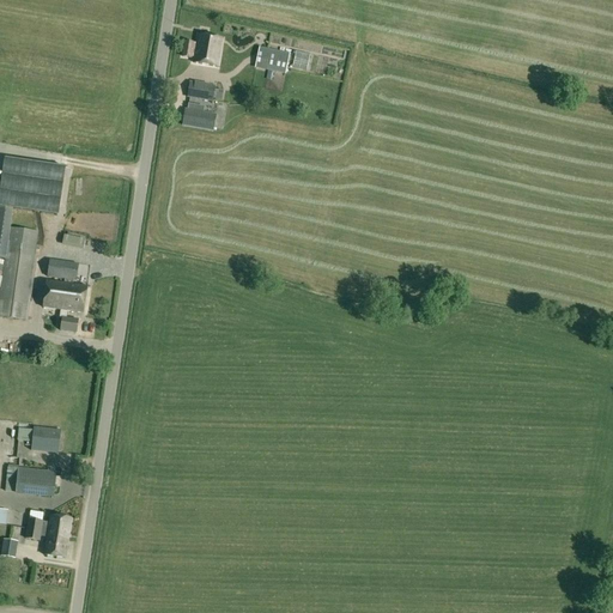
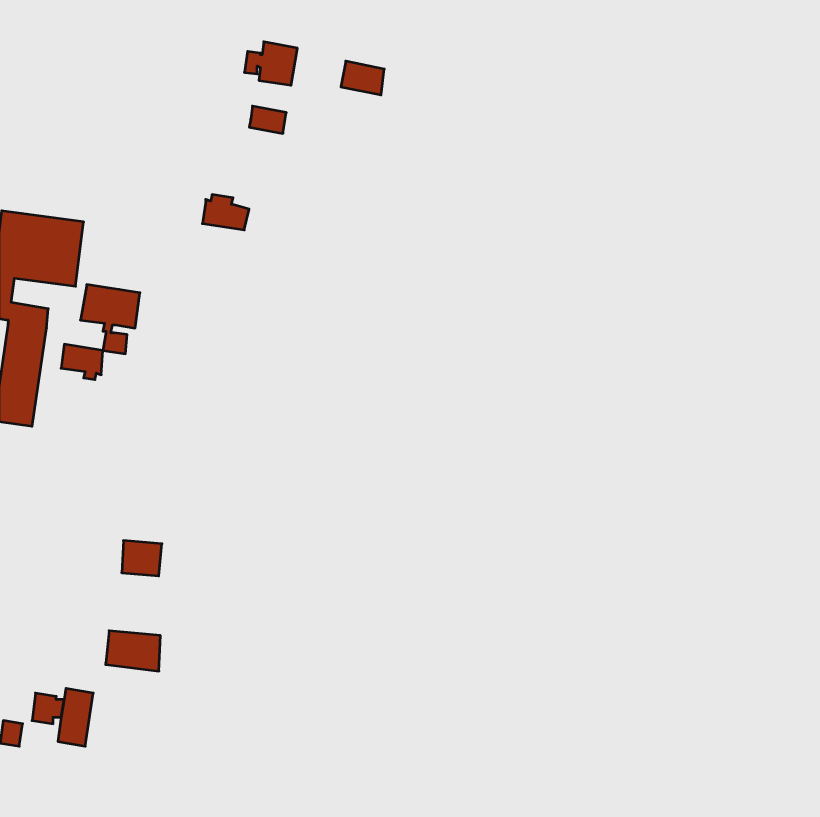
building: [181,102,216,128] -> [202,195,249,230]
building: [42,279,86,330] -> [80,285,140,354]
building: [30,424,60,450] -> [122,541,162,576]
building: [14,466,55,496] -> [106,631,160,671]

